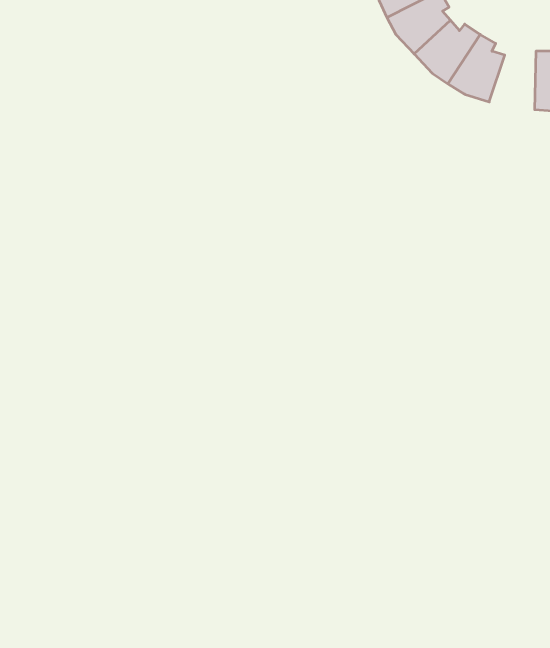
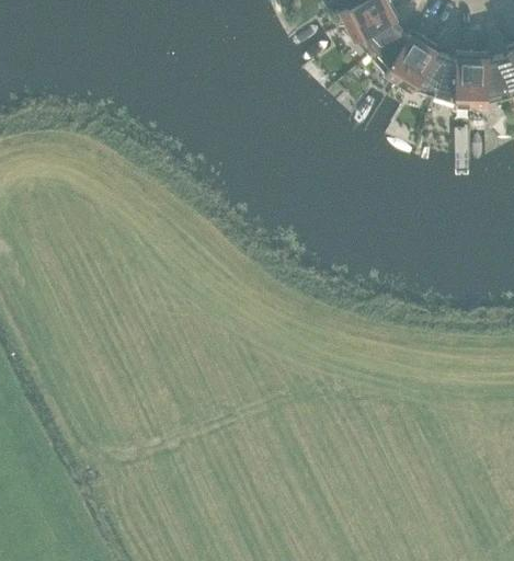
building: none -> [434,50,473,101]

